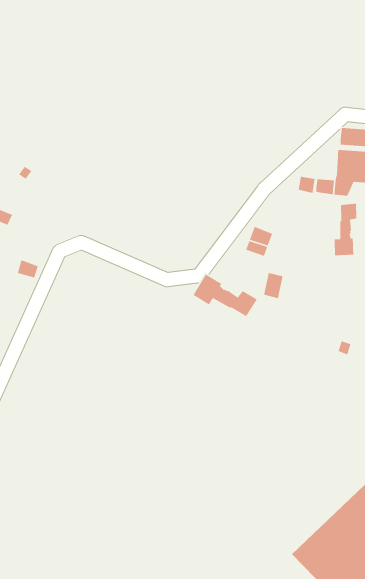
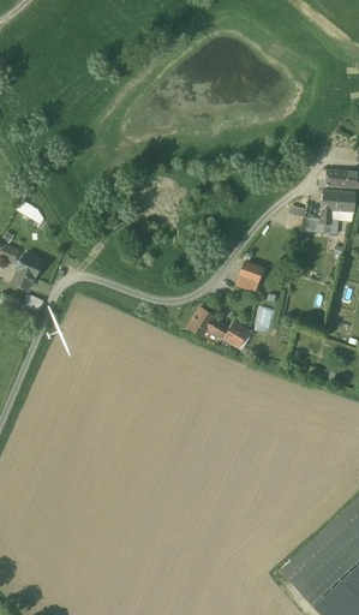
building: [334,203,357,256] -> none
building: none -> [12,255,42,288]

